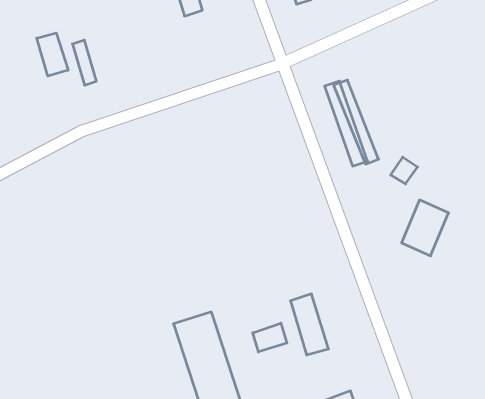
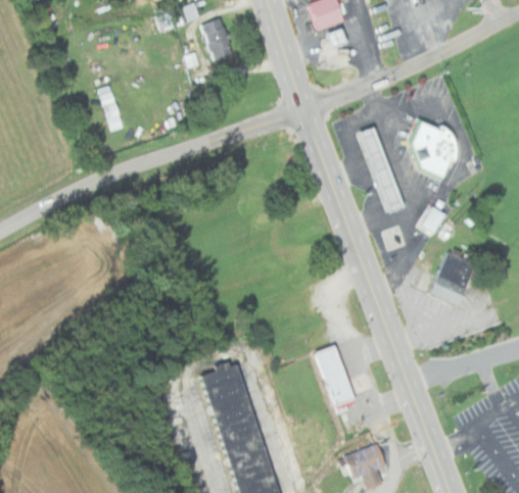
building: [37,33,68,76] -> none
building: none -> [411,116,462,180]
building: [253,323,287,352] -> none

